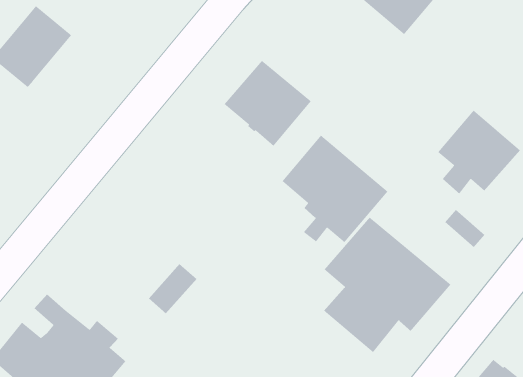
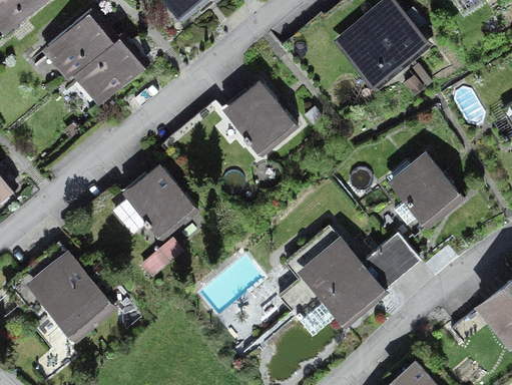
building: none -> [77,35,146,101]
building: [282,134,389,243] -> none
building: none -> [114,169,197,241]
building: none -> [365,242,407,285]

